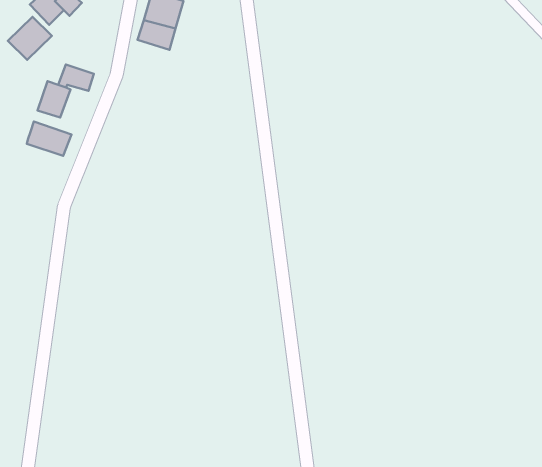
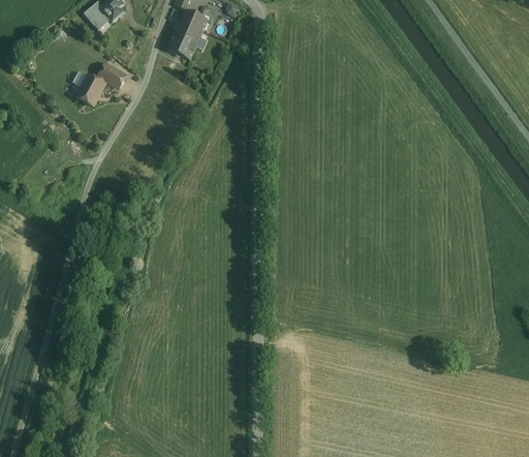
building: [8,17,52,60] -> none
building: [27,122,71,156] -> none

